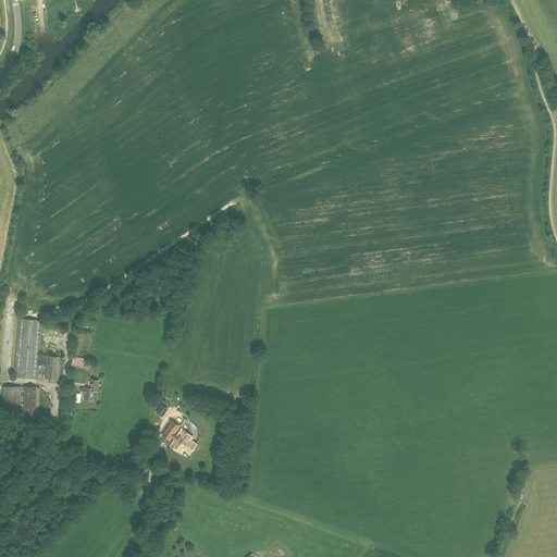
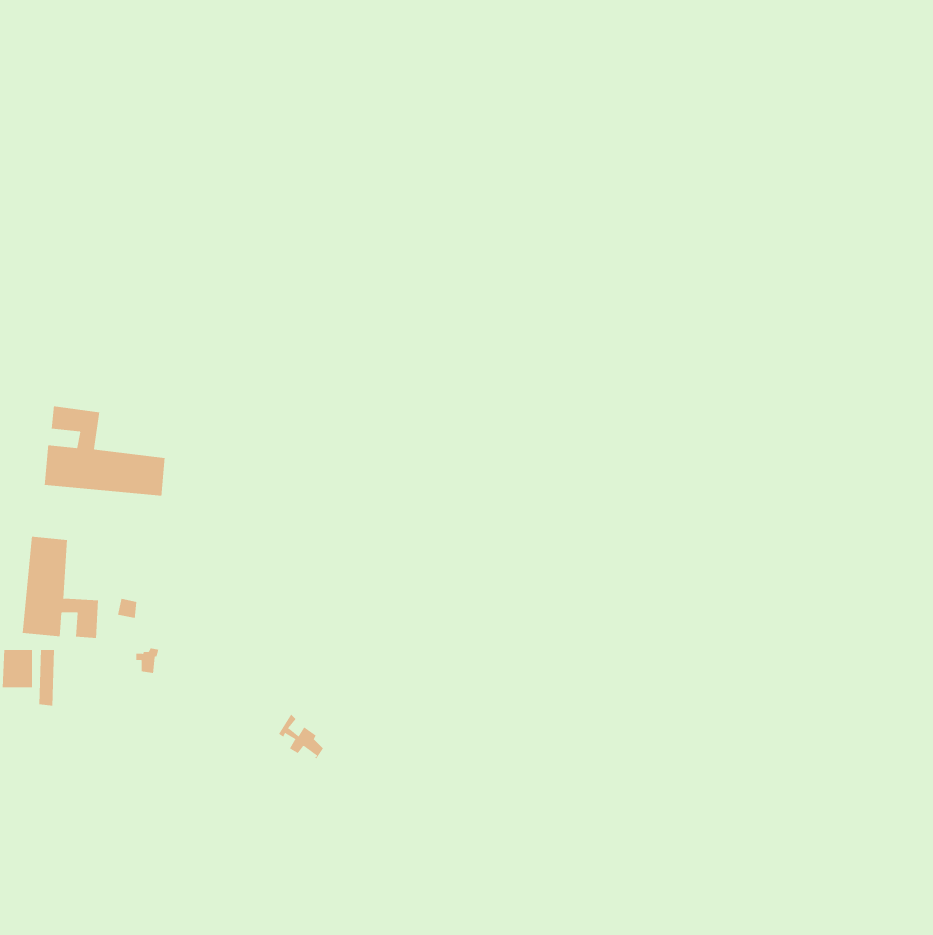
building: none -> [44,406,165,496]

